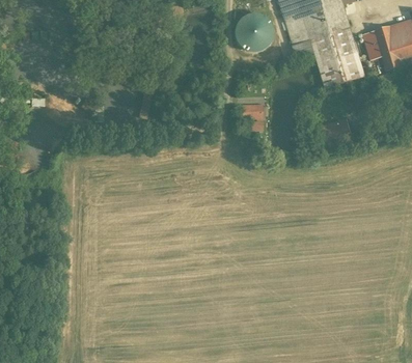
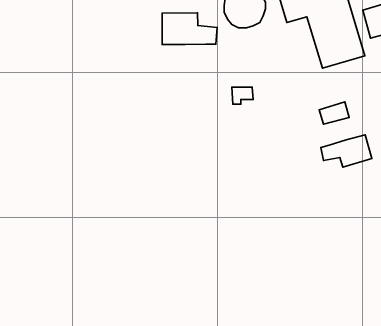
building: none -> [162,13,217,45]
building: none -> [321,135,372,167]

